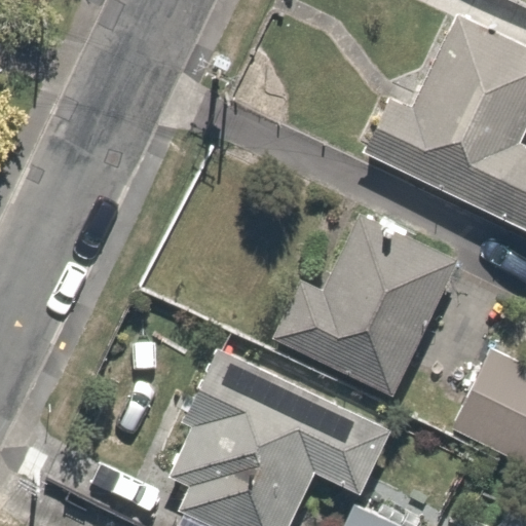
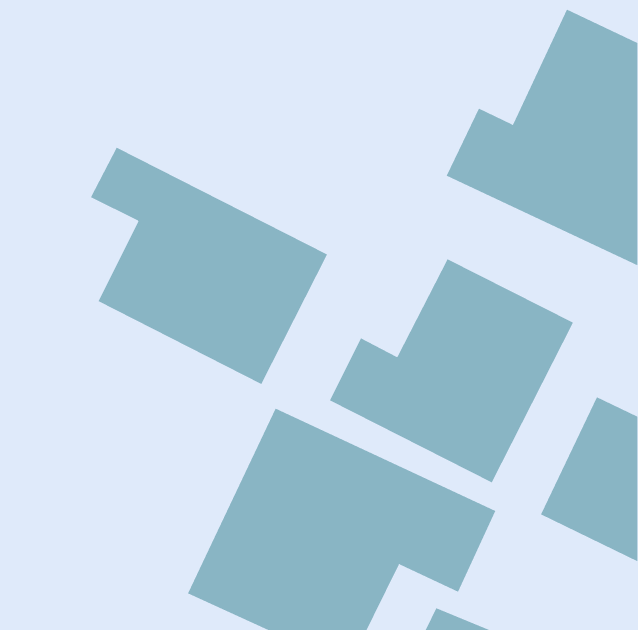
building: none -> [90,147,328,385]

